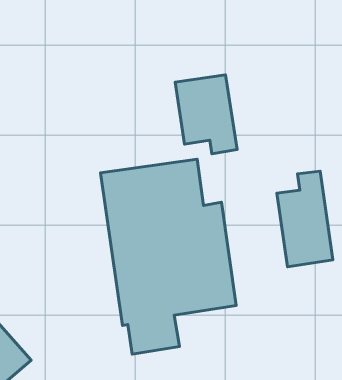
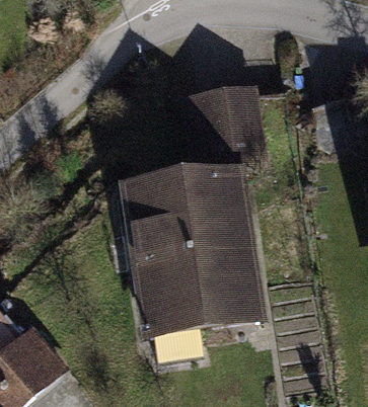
building: [277,171,333,267] -> none

